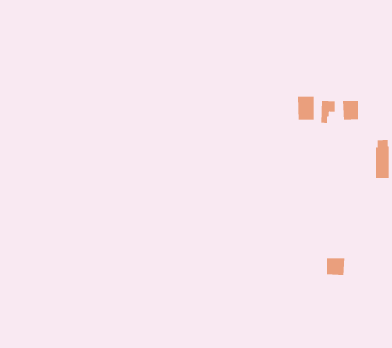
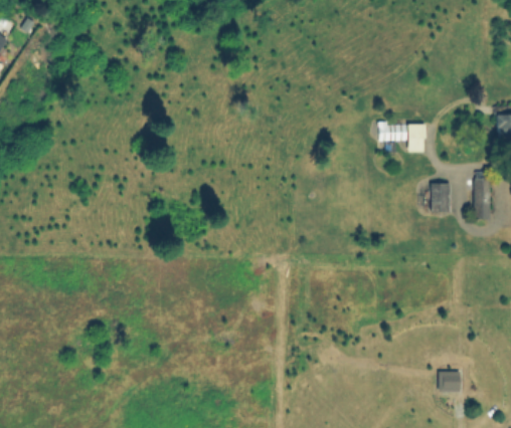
building: [342,100,359,120] -> [431,184,451,208]
building: [326,258,345,275] -> [436,371,459,392]

